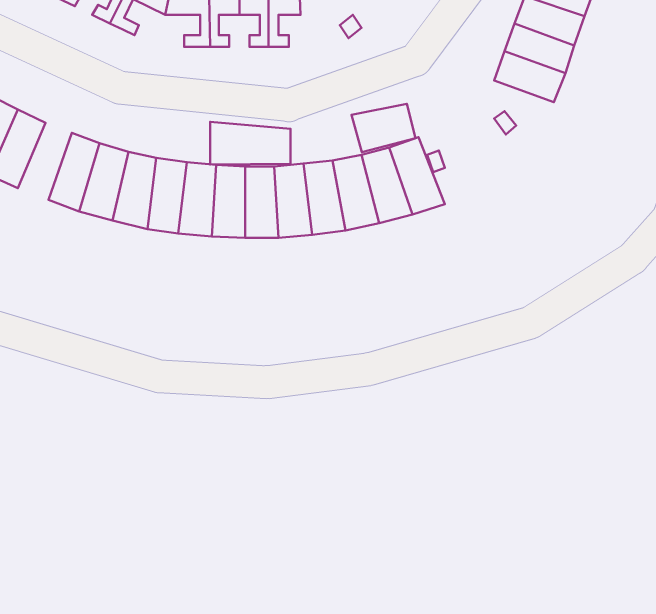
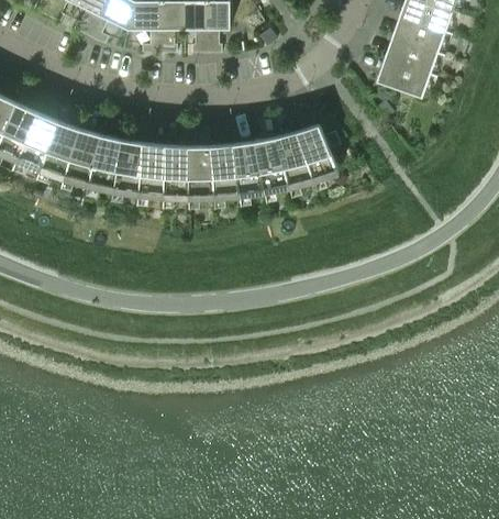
building: [351,104,416,152] -> none
building: [210,122,291,164] -> none
building: none -> [16,109,57,167]

